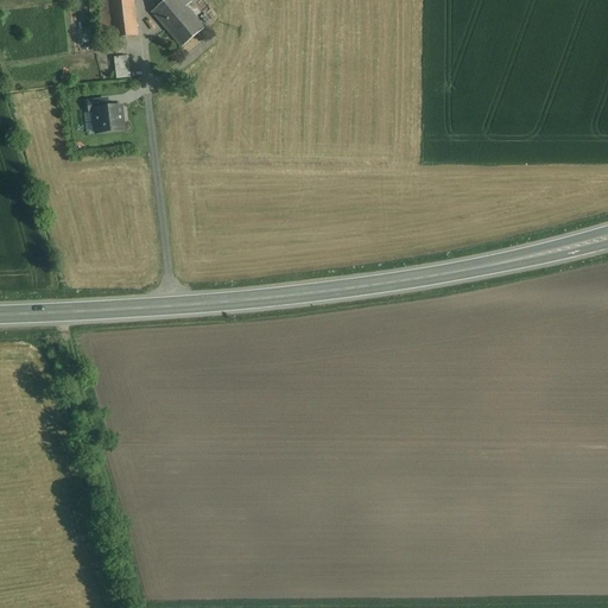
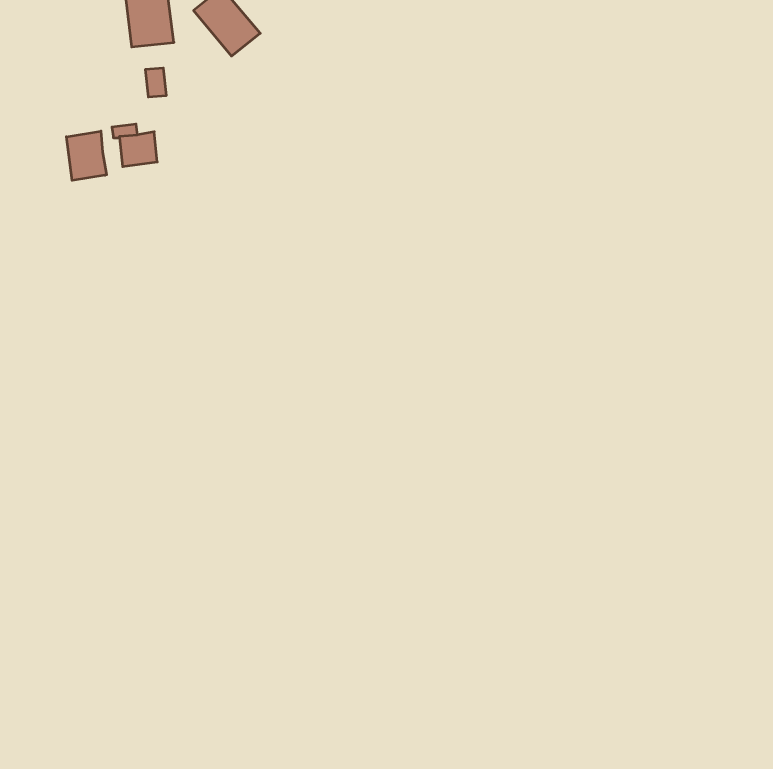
building: none -> [66,131,107,180]

